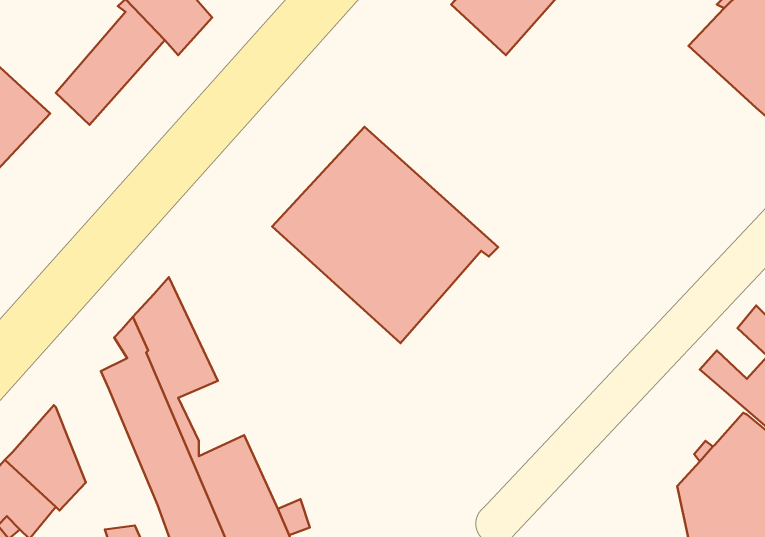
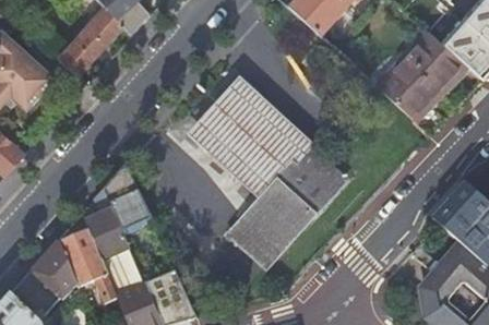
building: none -> [375,31,466,137]
building: none -> [230,149,343,267]
building: none -> [60,229,119,303]

